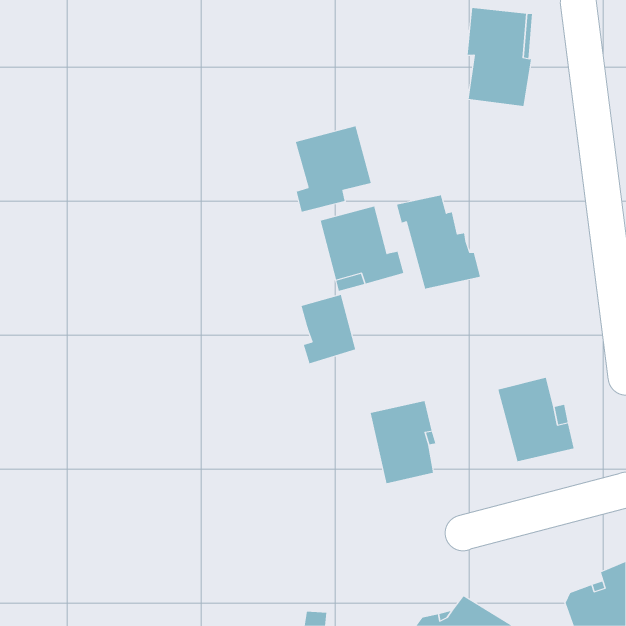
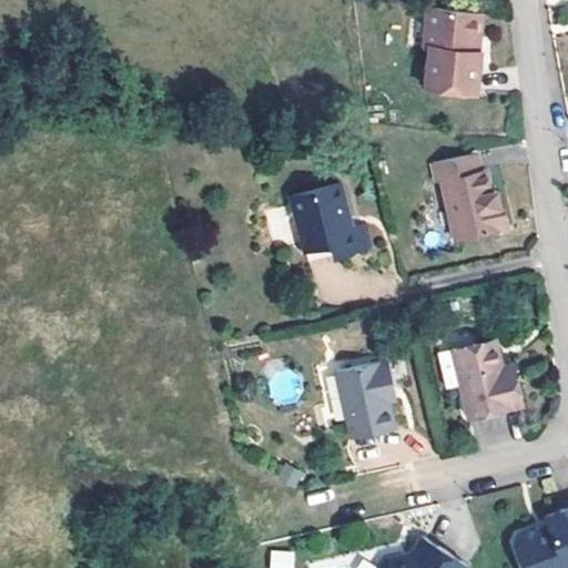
building: [295,125,372,213] -> none
building: [396,195,481,289] -> [432,154,508,240]
building: [301,294,356,364] -> none

